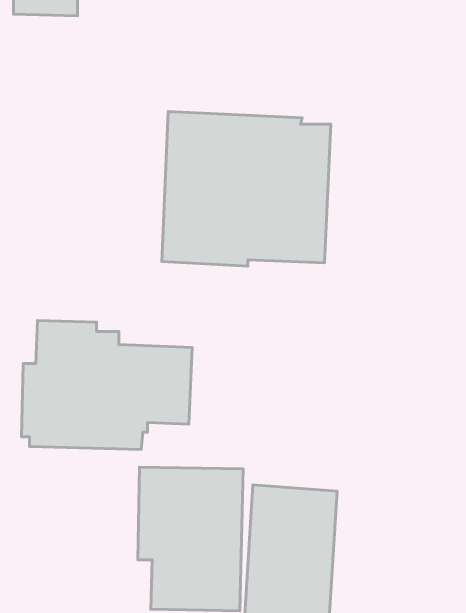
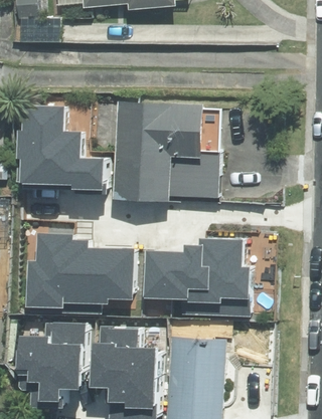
building: none -> [17,104,111,190]
building: none -> [144,239,251,317]
building: none -> [24,323,92,401]

